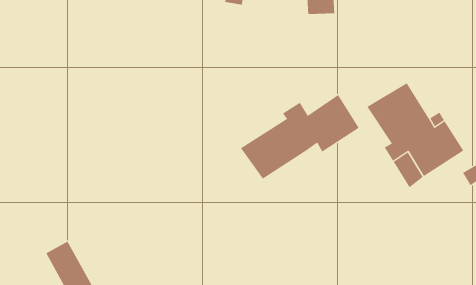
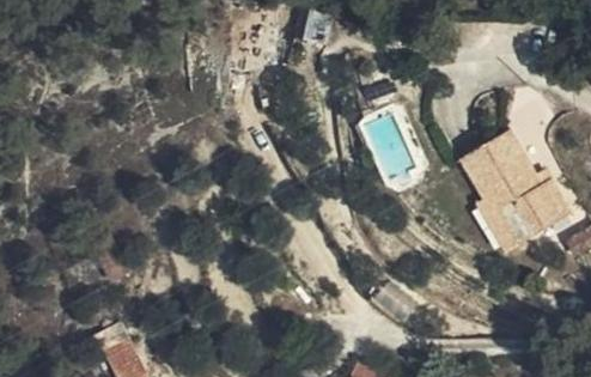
building: [240,94,360,180] -> none

